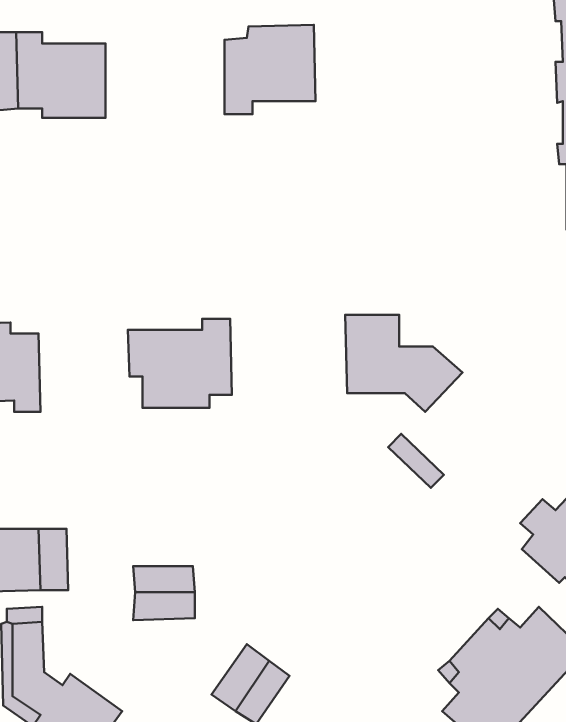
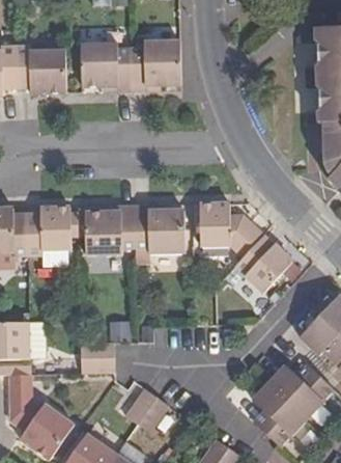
building: none -> [81,43,132,90]
building: none -> [135,203,184,252]
building: none -> [28,207,79,256]
building: none -> [236,235,293,292]

